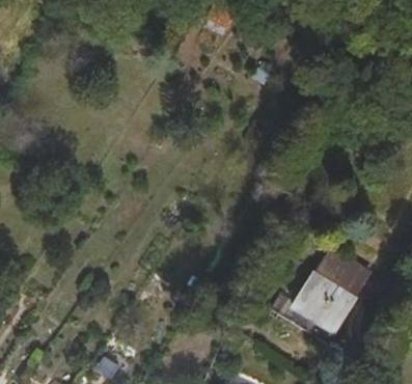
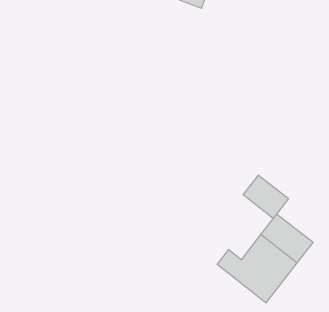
building: none -> [243,175,288,218]

